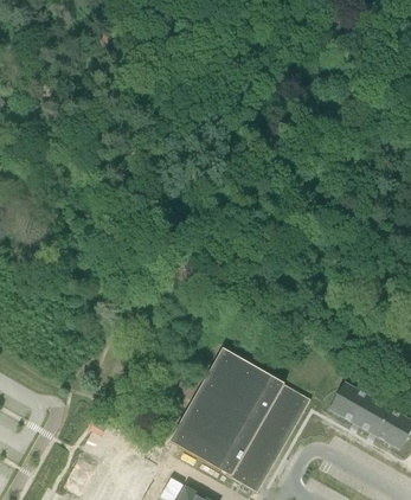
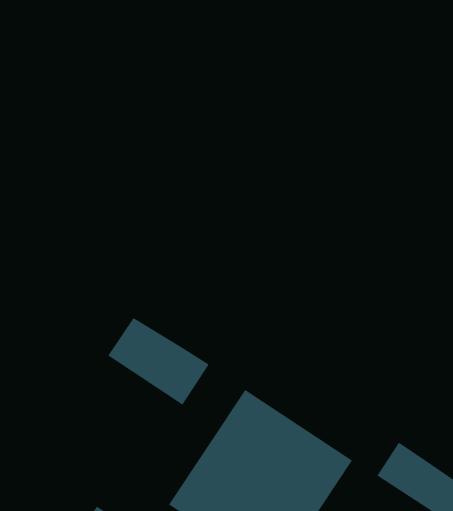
building: none -> [107,317,209,405]

